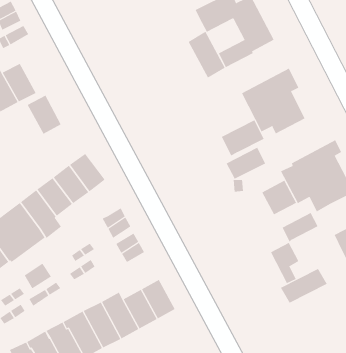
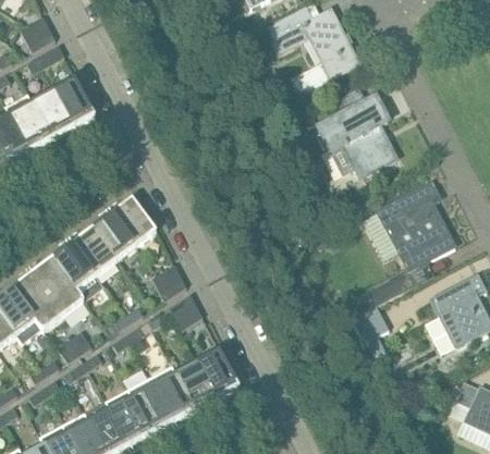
building: [188,31,225,78] -> none
building: [27,95,61,135] -> [53,79,95,127]
building: [221,120,264,156] -> none
building: [226,147,266,179] -> none
building: [262,180,297,215] -> none
building: [280,268,327,303] -> none

